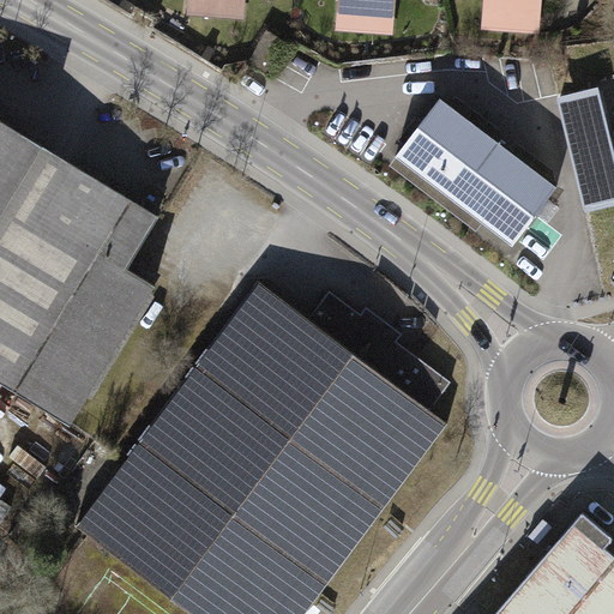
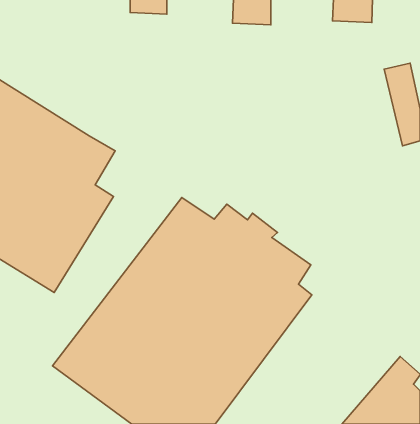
building: [389,98,548,243] -> none

